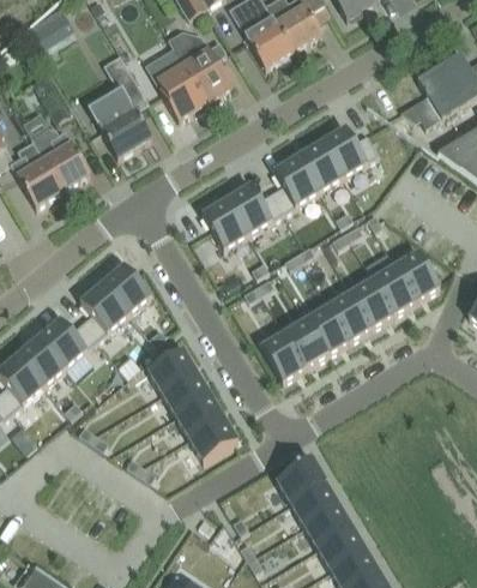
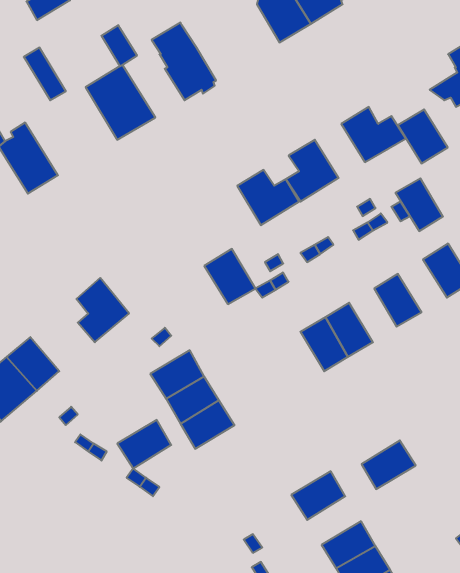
building: [176,38,236,102] -> none
building: [31,125,91,187] -> none
building: [297,140,343,190] -> [398,109,448,163]
building: [201,197,248,247] -> [204,249,256,304]
building: [102,263,150,313] -> none
building: [373,264,416,312] -> [395,178,443,231]
building: [328,290,372,340] -> none
building: [38,317,97,366] -> none
building: [261,330,306,380] -> none
building: [188,415,237,460] -> [117,420,171,469]
building: [290,480,339,524] -> [362,440,416,489]

